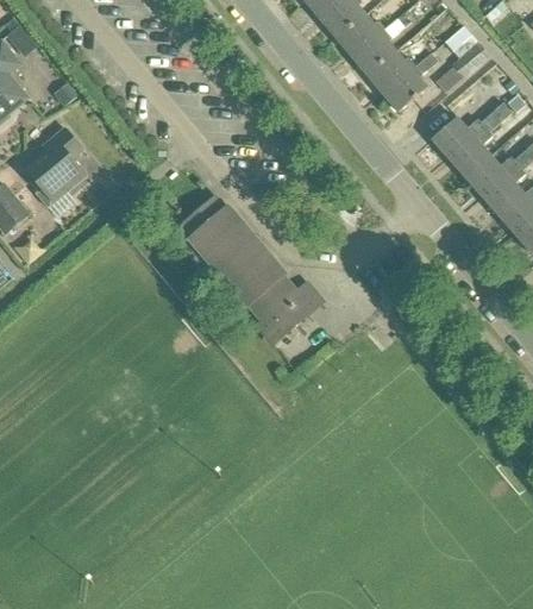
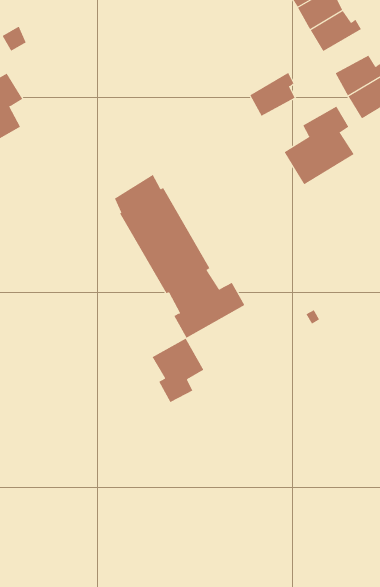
building: [353,30,396,75] -> [250,72,296,117]
building: none -> [284,106,355,185]
building: none -> [152,338,204,403]

